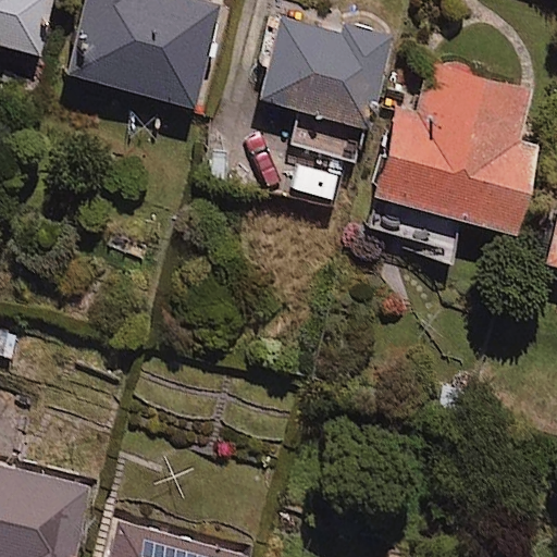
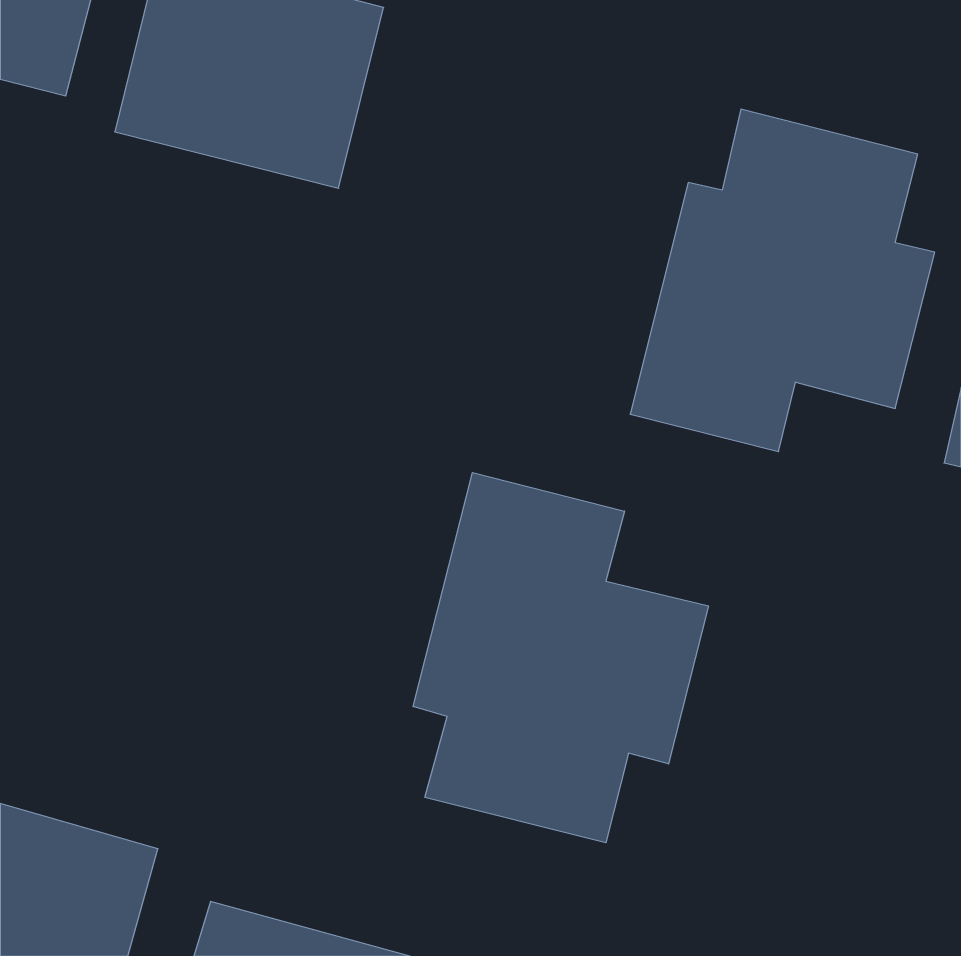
building: [260,17,393,126] -> none
building: none -> [413,473,708,843]

